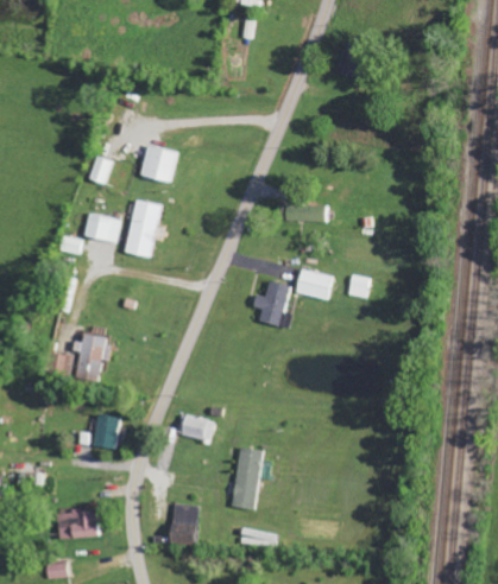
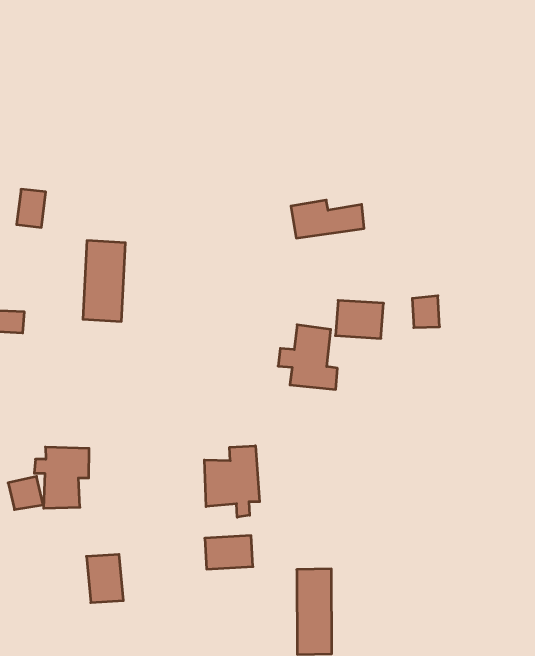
building: [140,145,177,182] -> none
building: [84,212,122,243] -> none
building: none -> [204,446,260,517]

